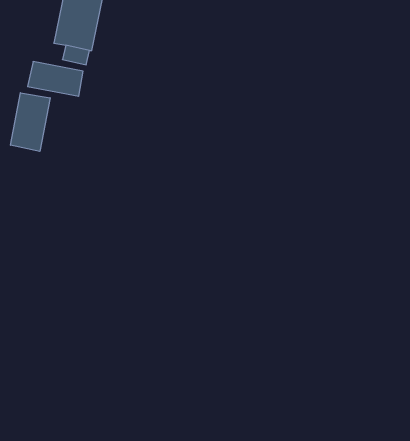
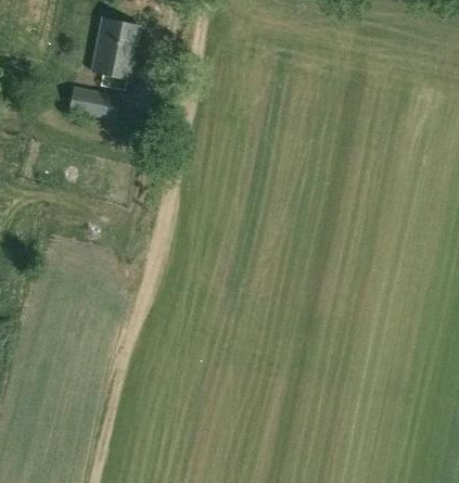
building: [11,93,50,151] -> none

